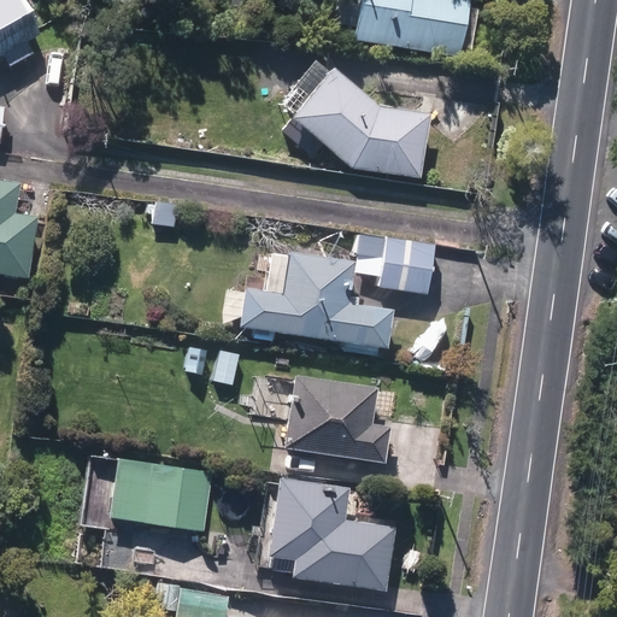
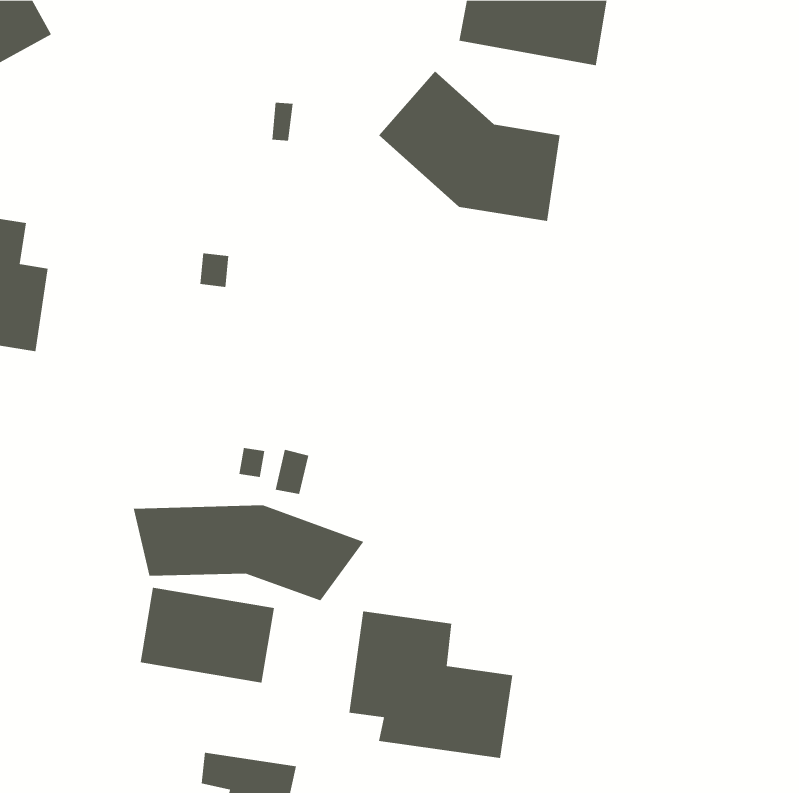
building: [355,234,434,295] -> none
building: [239,251,392,358] -> none
building: [282,374,390,463] -> none
building: none -> [133,505,364,601]

